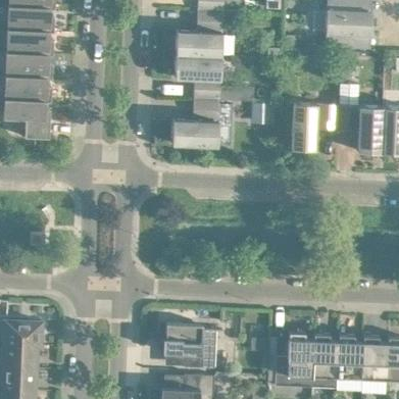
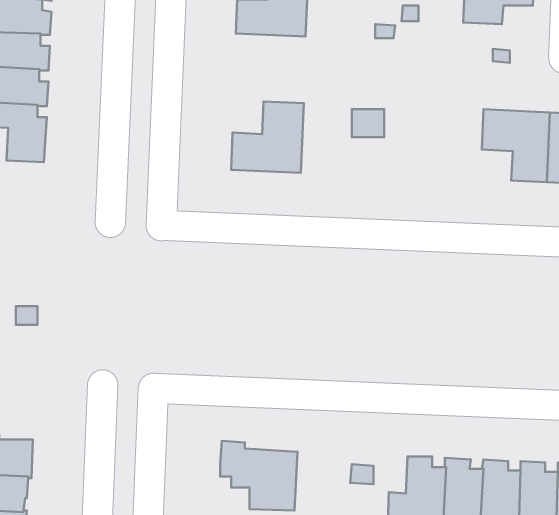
building: [173,54,220,100] -> none
building: [291,102,338,150] -> none

